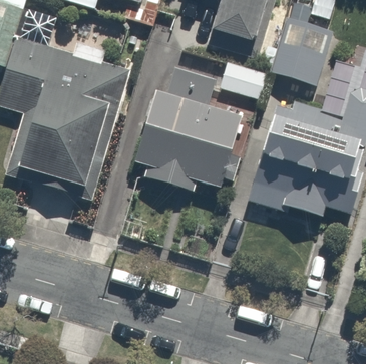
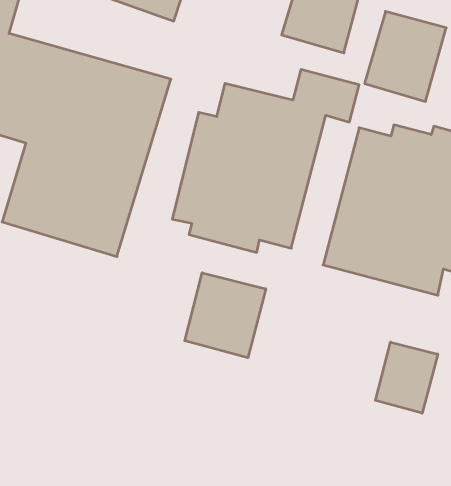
building: none -> [185,273,266,358]
building: none -> [375,342,438,413]

